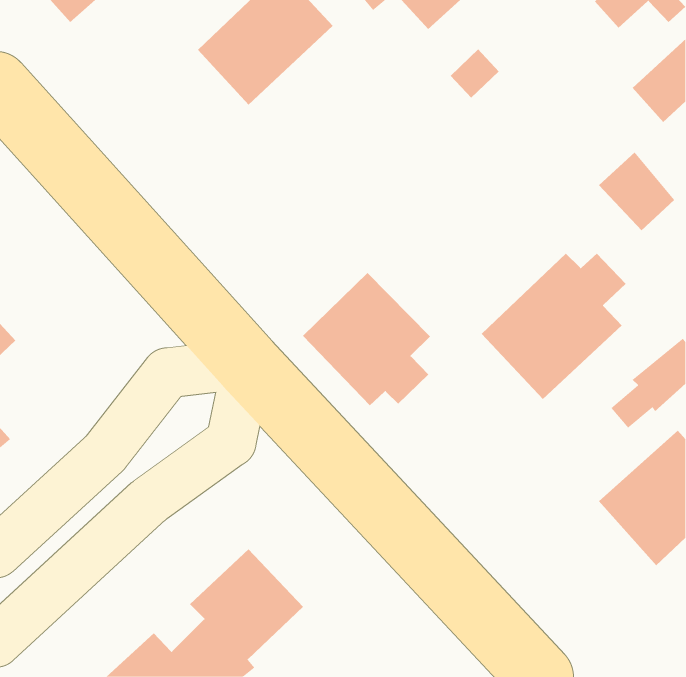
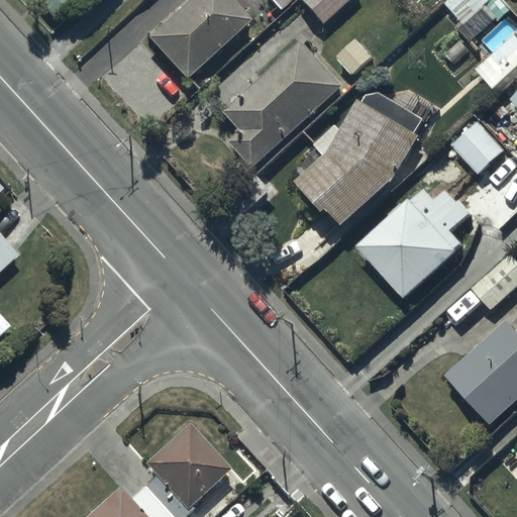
building: none -> [224,38,343,168]
building: none -> [297,98,420,228]
building: [302,272,431,406] -> none

